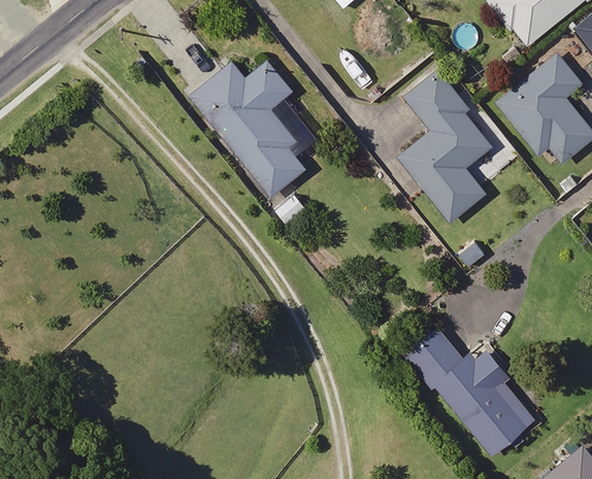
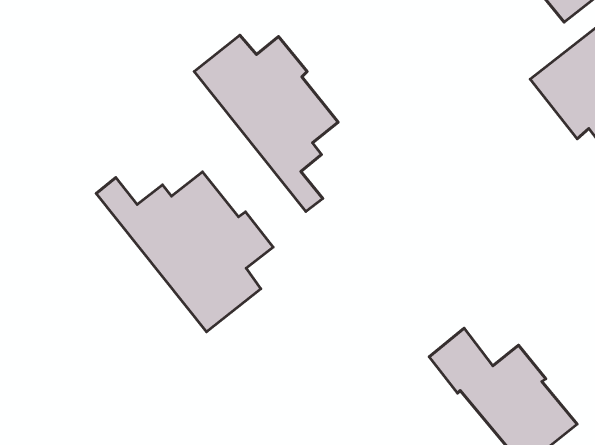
building: [399,71,494,222] -> none
building: none -> [96,172,273,332]

